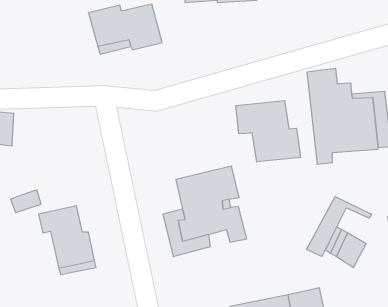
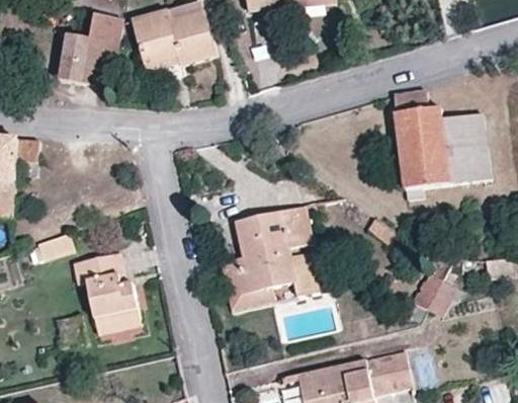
building: none -> [59,14,121,88]
building: [236,101,300,162] -> none
building: [307,196,372,256] -> none

